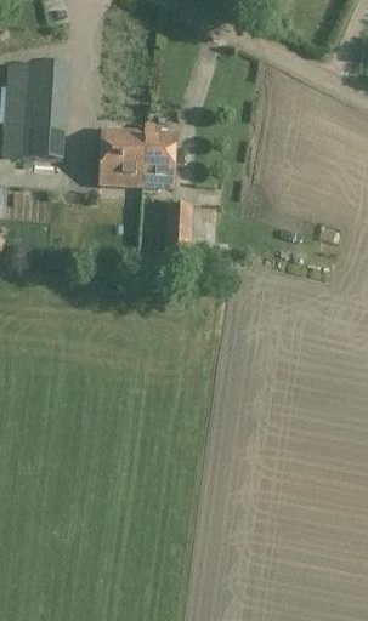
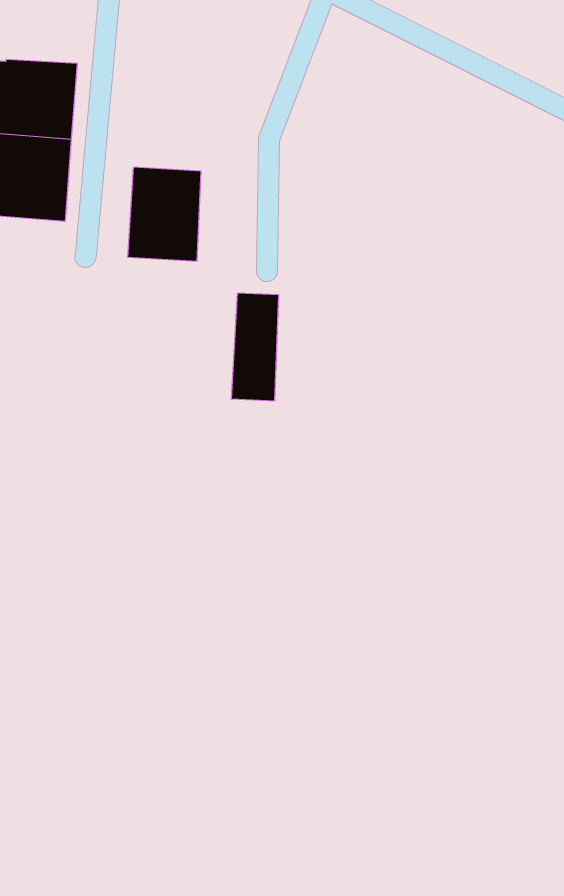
building: [142,124,175,187] -> none

